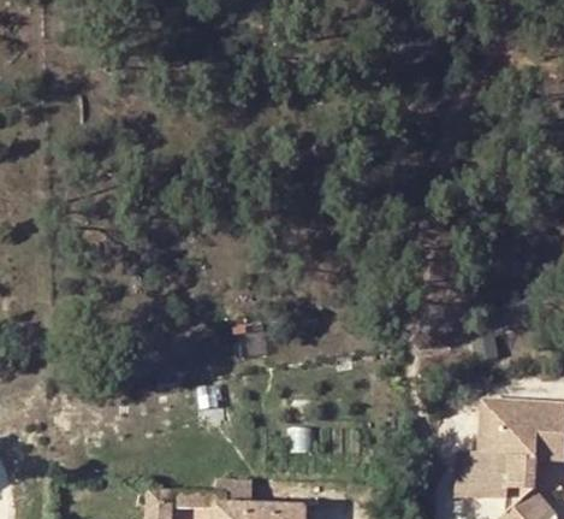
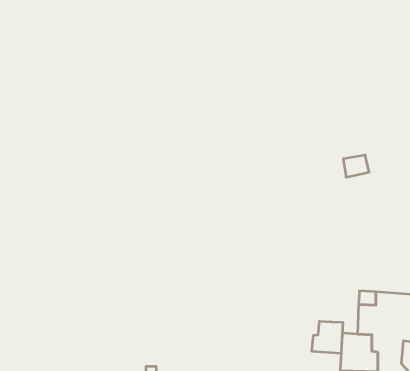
building: none -> [312,321,343,354]

